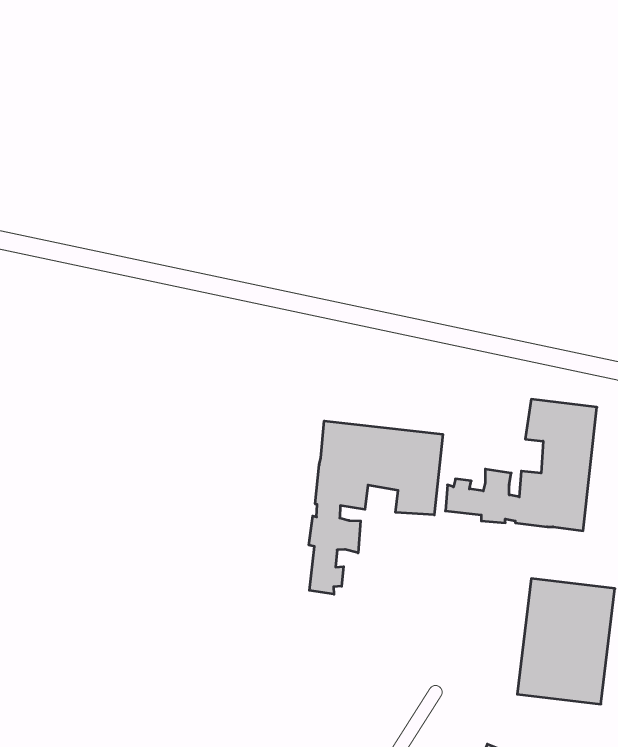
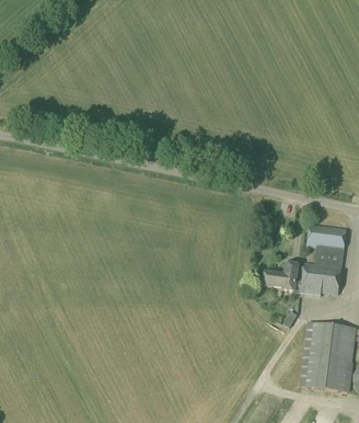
building: [309,421,443,594] -> none

